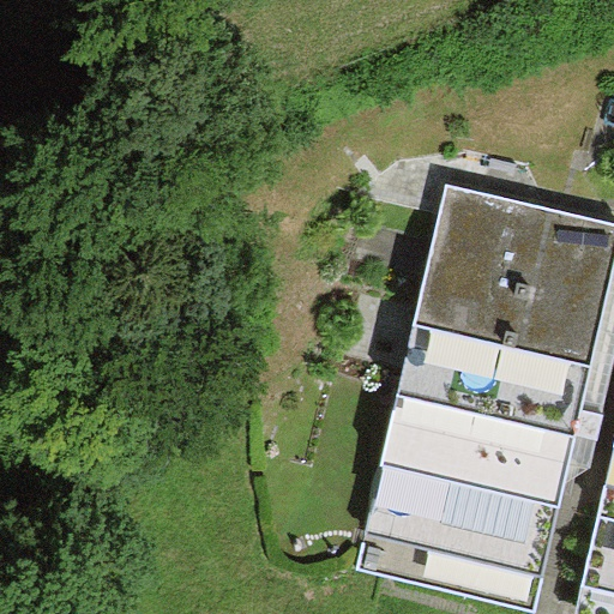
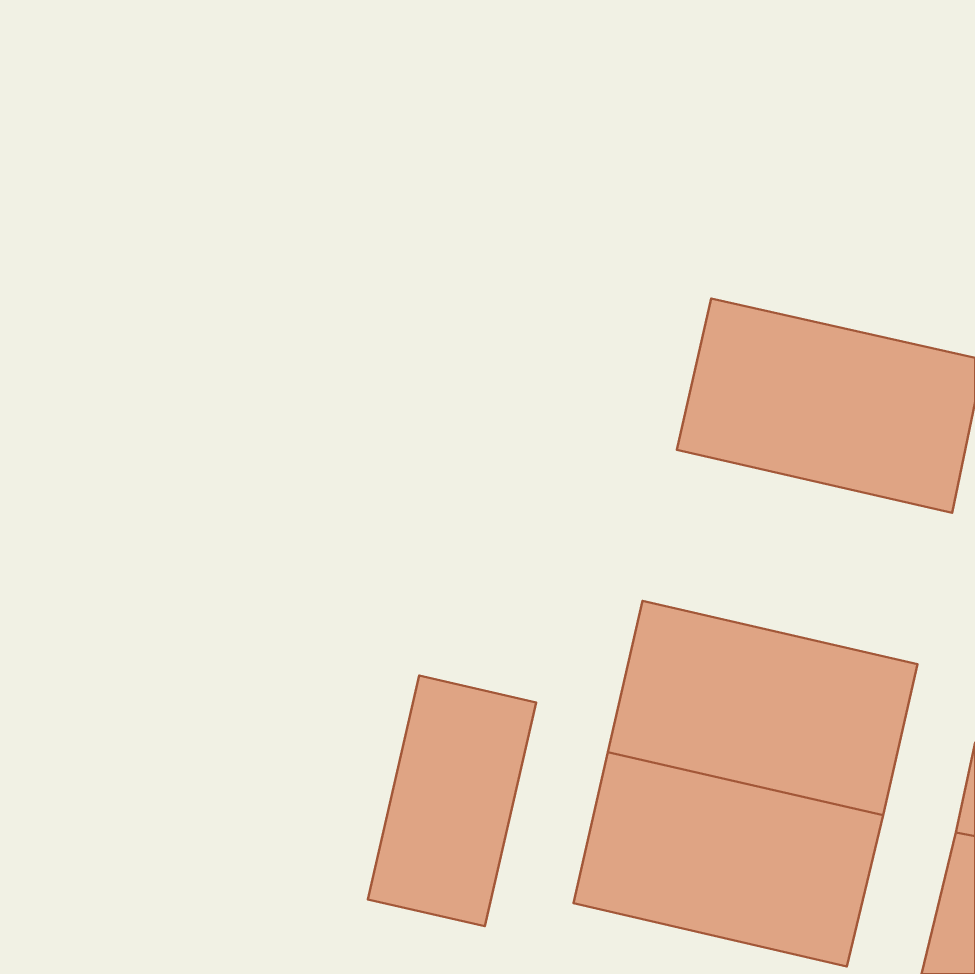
building: [403,282,597,416] -> none
building: none -> [368,675,536,926]

